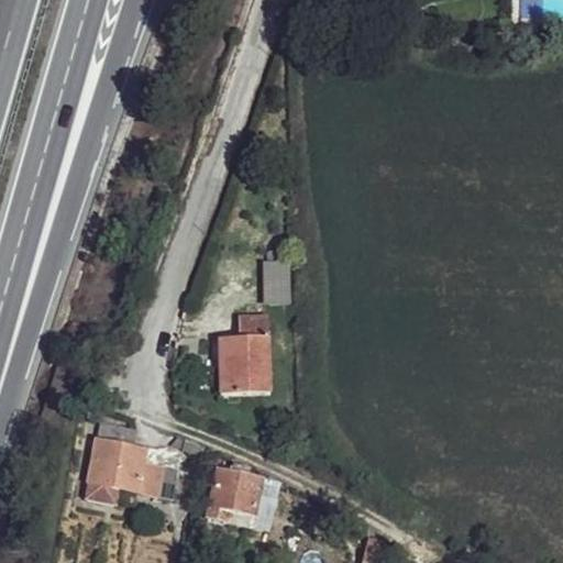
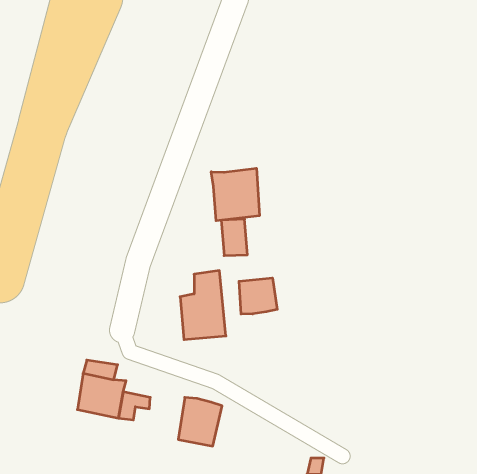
building: none -> [211,168,259,221]
building: none -> [239,278,277,314]

